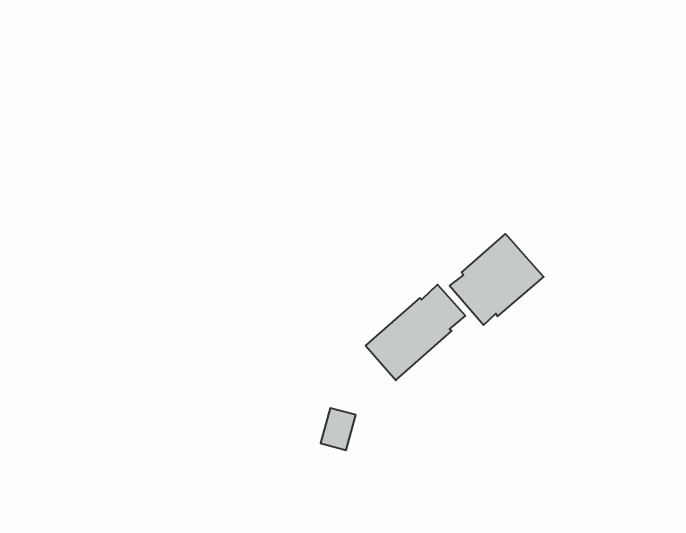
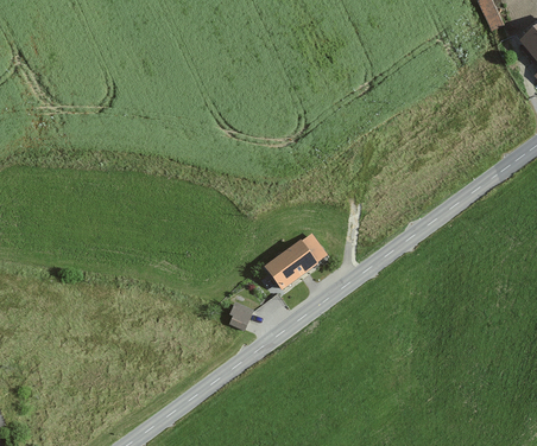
building: [450,234,544,325] -> none

